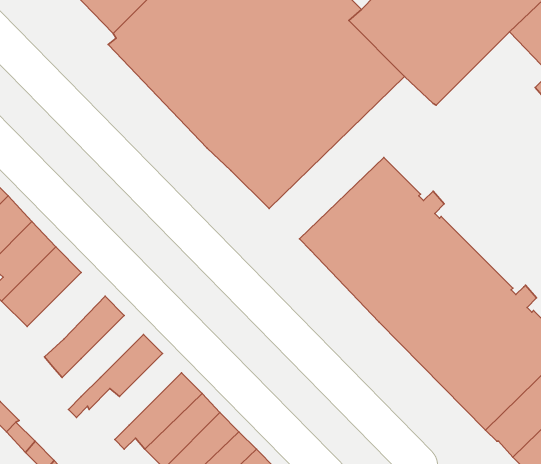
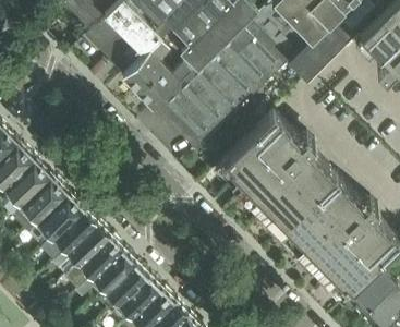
building: none -> [29,193,83,239]
building: none -> [53,222,109,278]
building: none -> [76,249,135,302]

